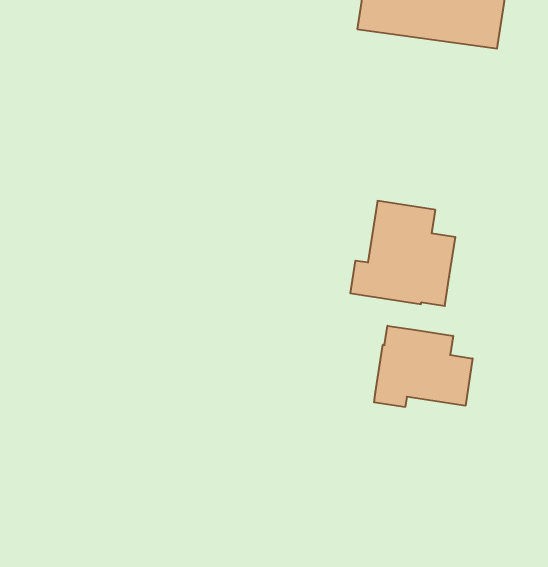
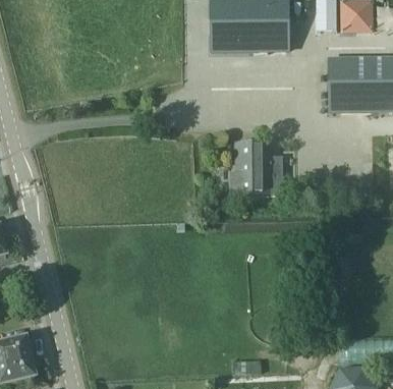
building: [374,326,473,407] -> none

